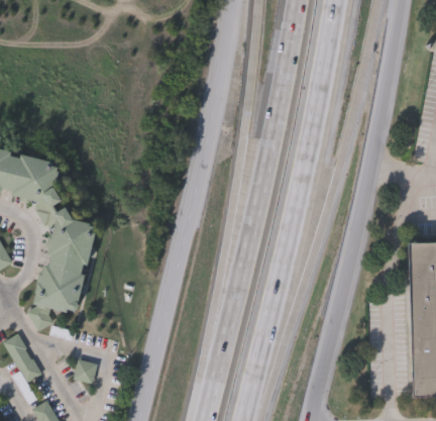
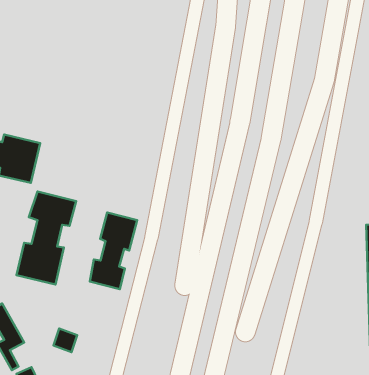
building: none -> [90,212,137,289]

